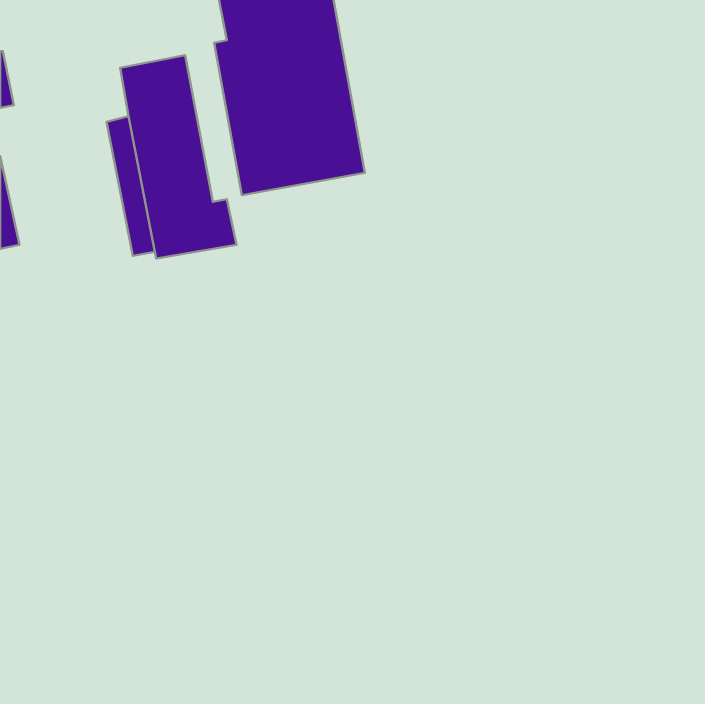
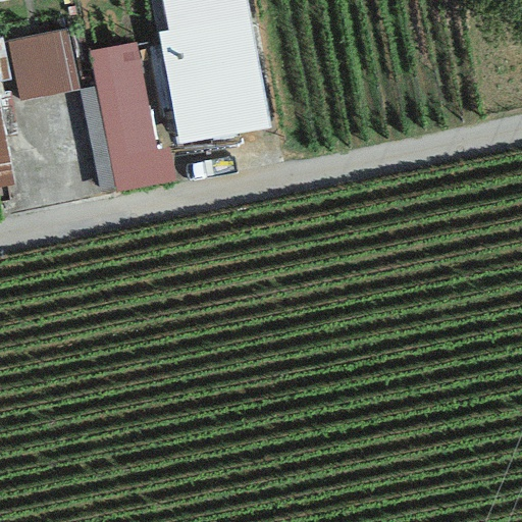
building: none -> [7,28,79,99]

